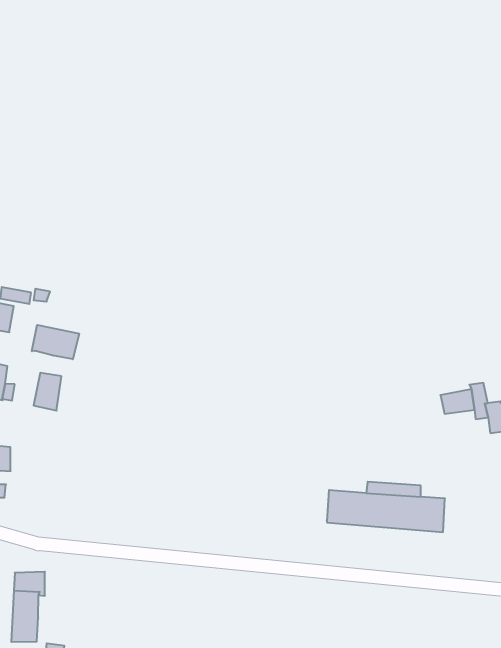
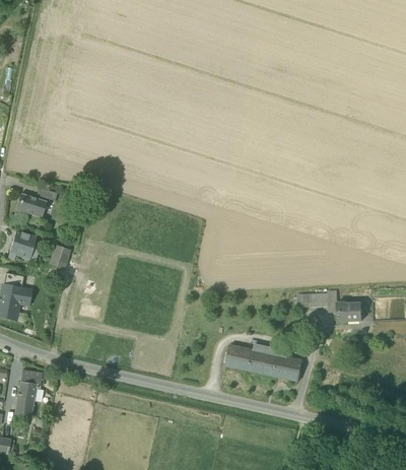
building: [32,325,79,359] -> none

